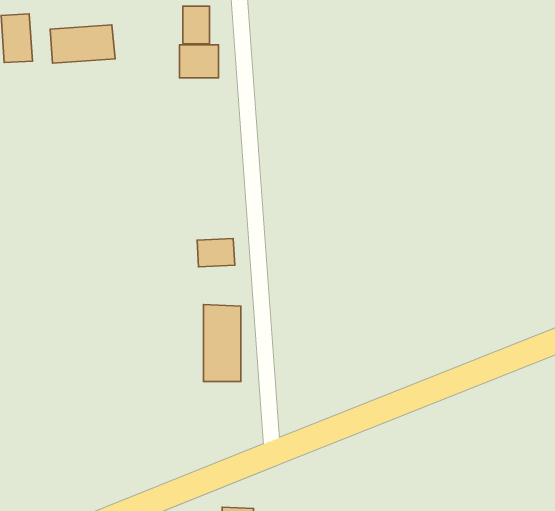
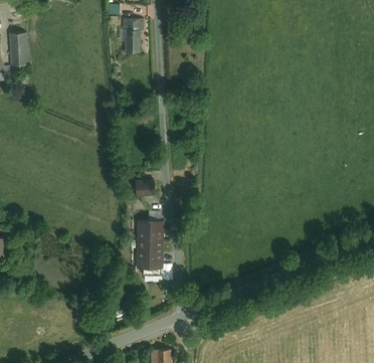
building: [50,25,115,63] -> none
building: [180,45,219,78] -> none

